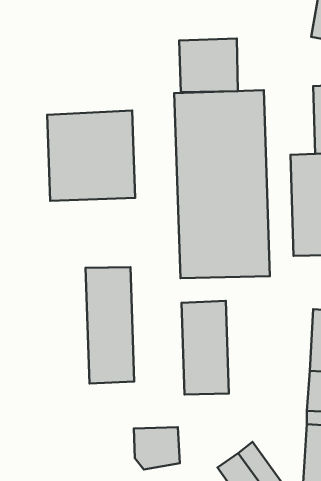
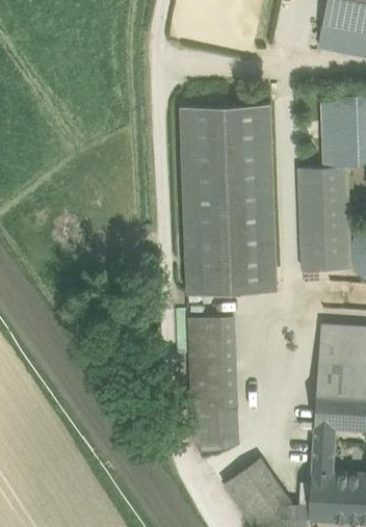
building: [179,39,238,92] -> none
building: [47,111,135,201] -> none
building: [86,267,134,384] -> none
building: [134,427,180,469] -> [190,411,237,453]

